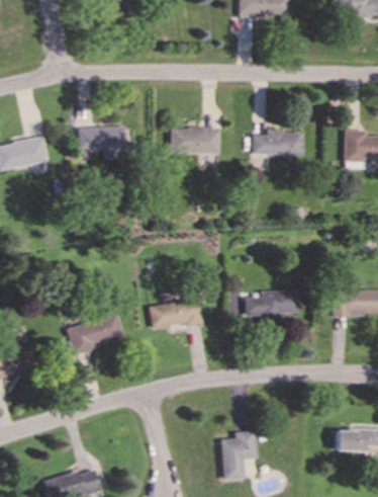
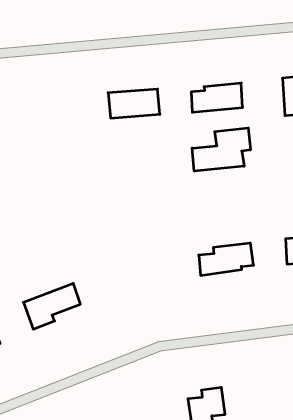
building: [79,126,127,159] -> none
building: none -> [192,128,250,171]
building: [149,300,202,328] -> none

